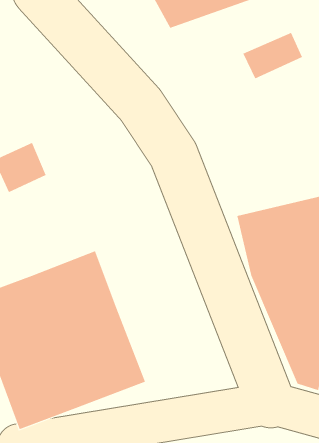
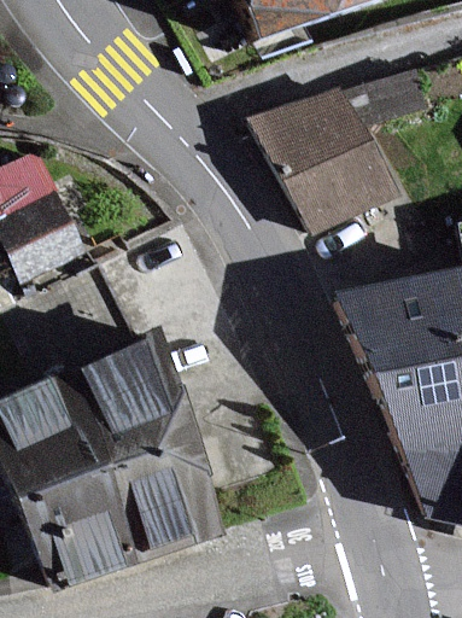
building: none -> [271,83,398,227]

